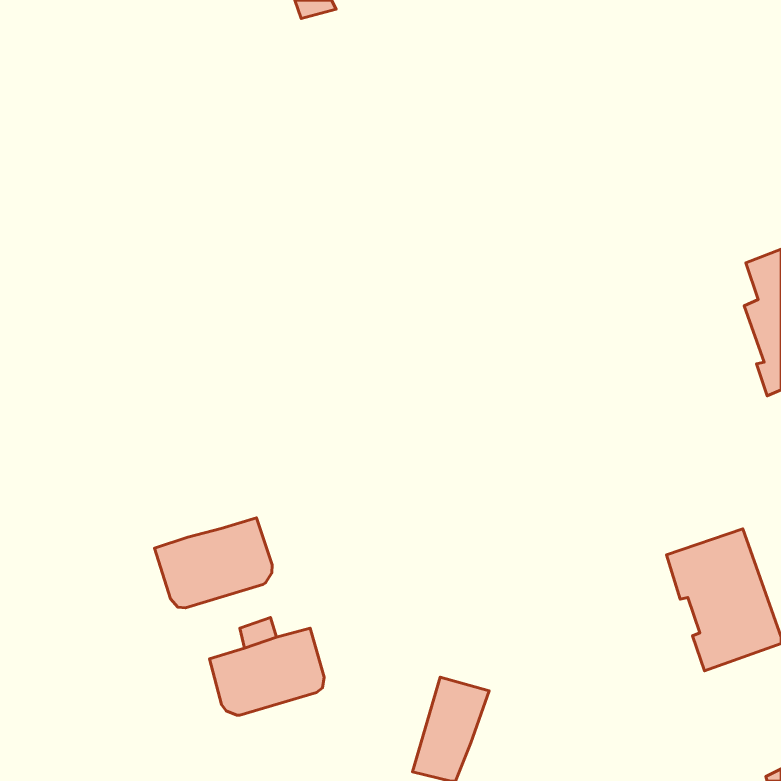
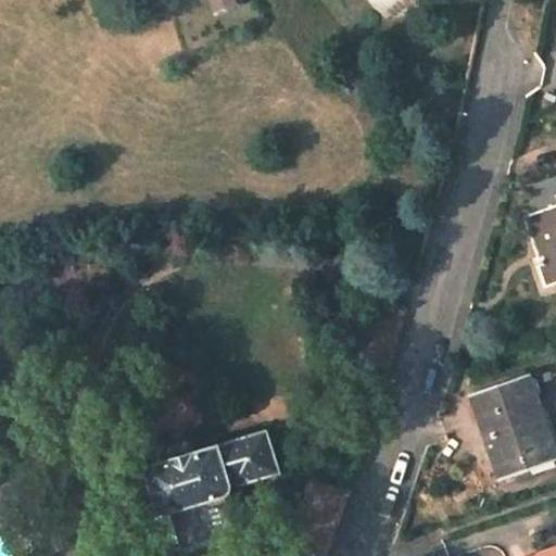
building: [154,518,272,608] -> none
building: none -> [220,430,281,482]

